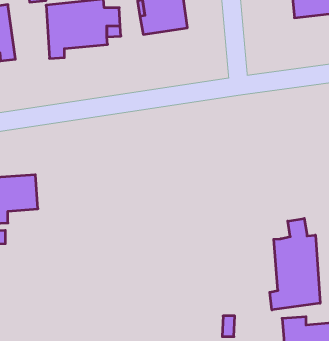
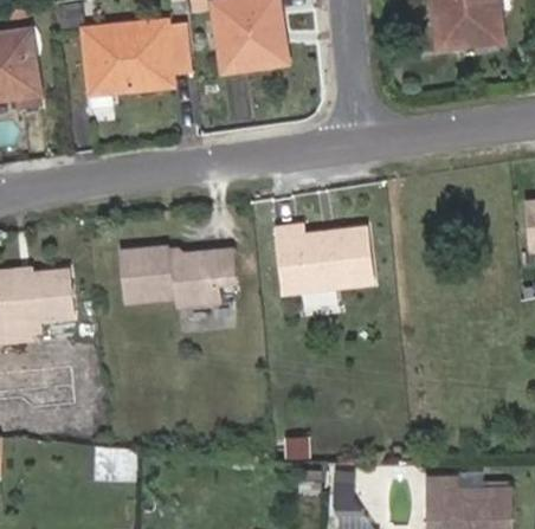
building: none -> [275,231,369,297]
building: none -> [124,247,237,307]
building: [270,218,320,310] -> none

